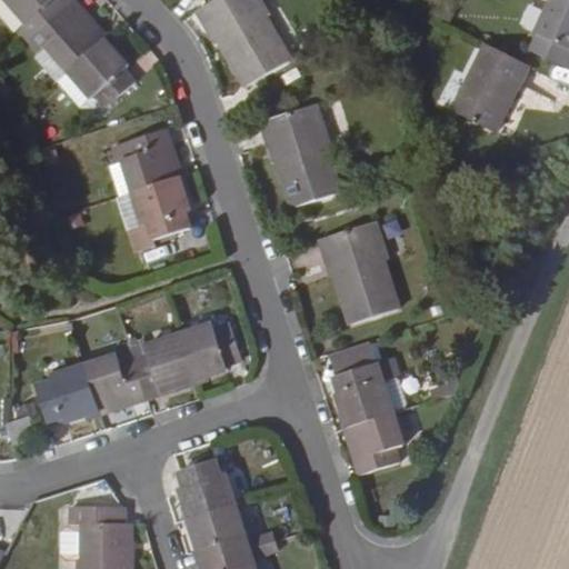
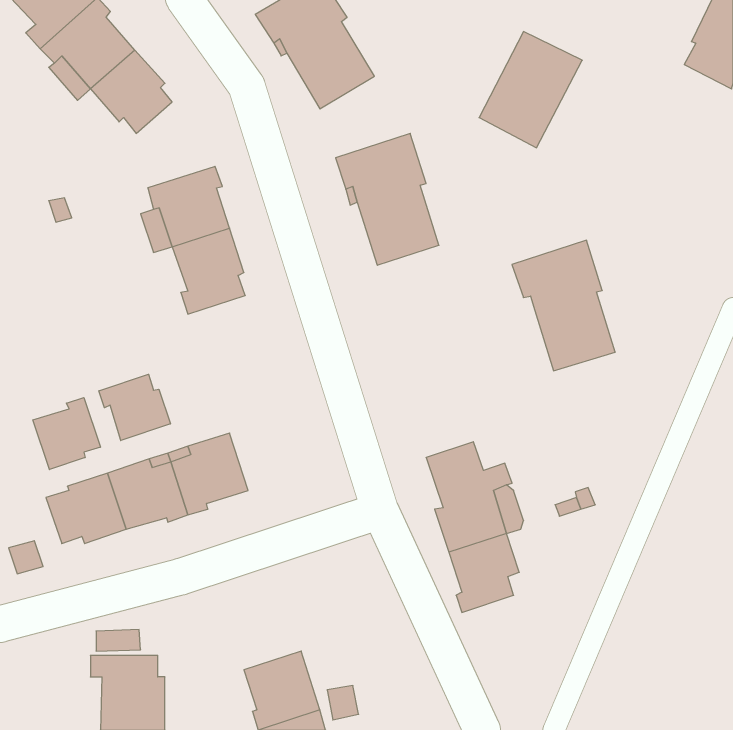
building: [455,43,535,133] -> [479,32,582,148]
building: [306,227,386,328] -> [512,240,615,371]
building: none -> [99,374,170,441]
building: none -> [33,398,100,470]
building: [178,323,241,380] -> none
building: [179,461,233,519] -> none

